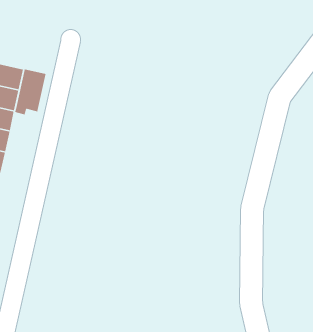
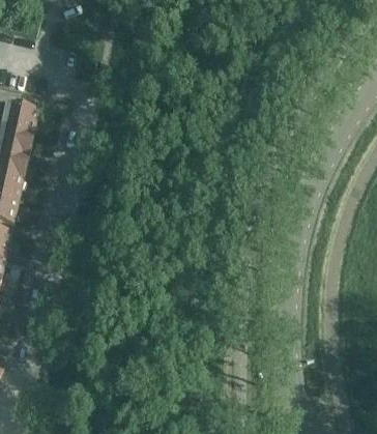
building: [14,69,46,115] -> none

